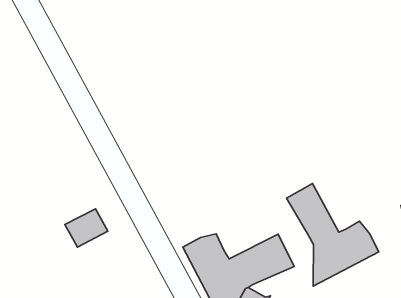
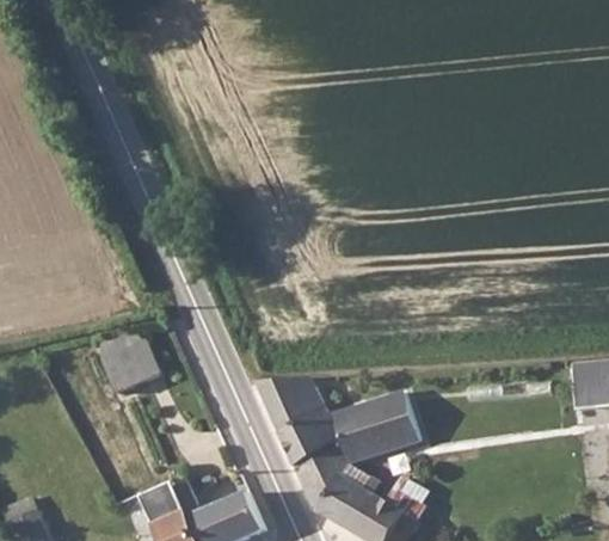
building: [286,184,379,286] -> none

